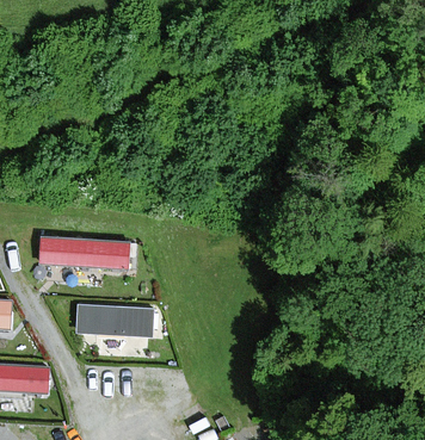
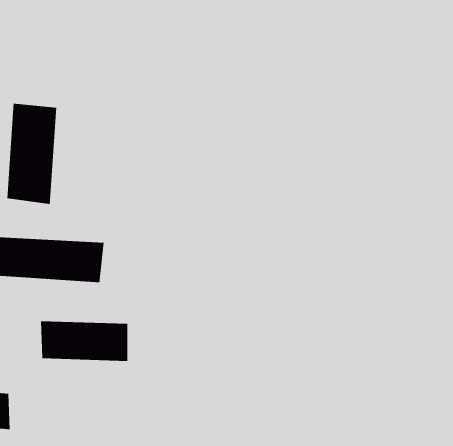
building: none -> [7,103,57,205]

